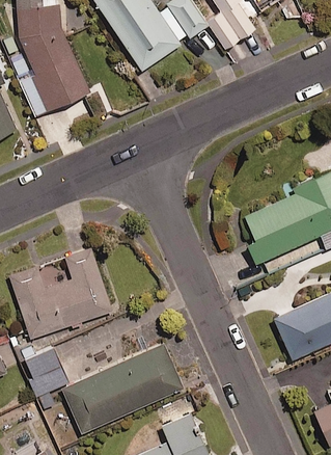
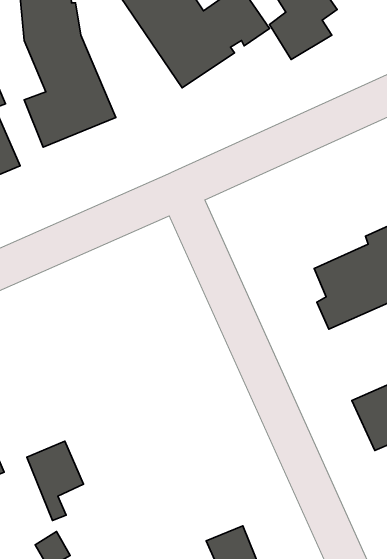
building: [11,253,111,339] -> none
building: [61,343,182,432] -> none

